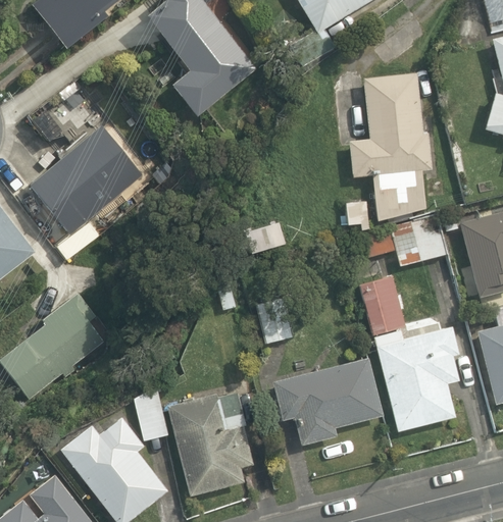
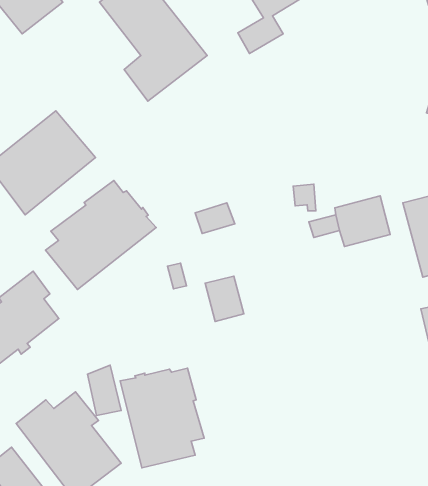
building: [350,73,432,221] -> none
building: none -> [46,181,156,290]
building: [359,276,461,430] -> none
building: [272,357,385,445] -> none

